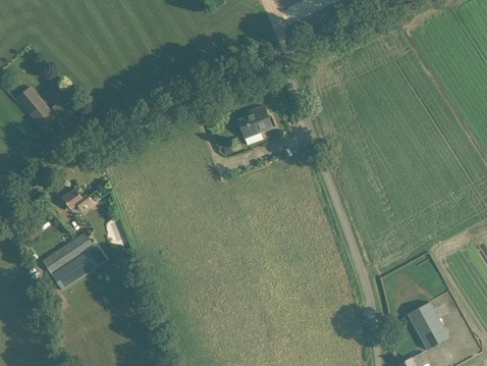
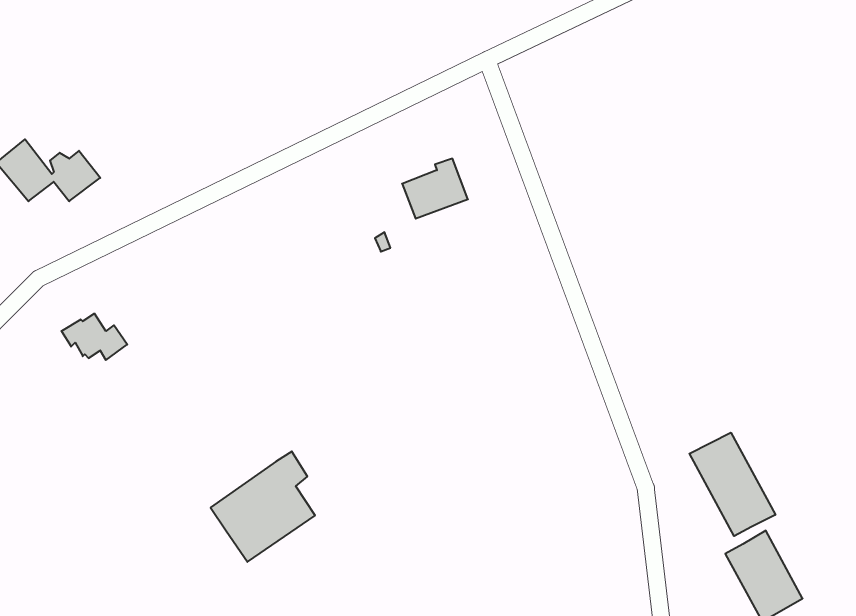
building: [43,231,98,290] -> [211,451,315,562]
building: none -> [689,433,775,536]

